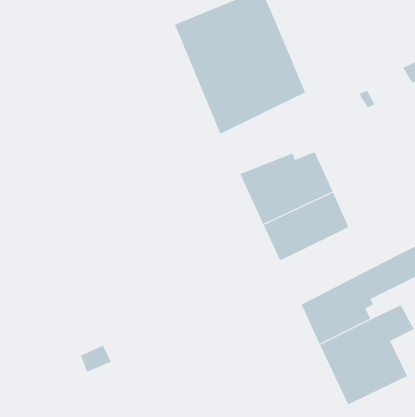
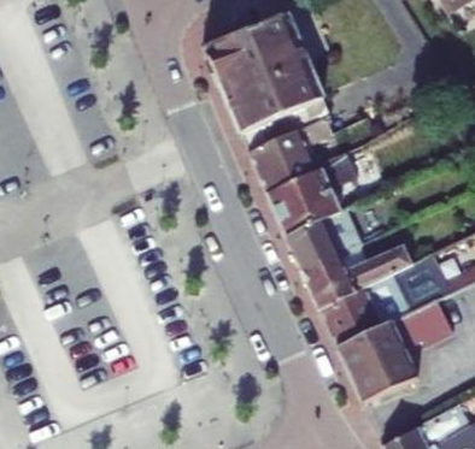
building: none -> [248,113,338,188]
building: none -> [304,242,412,308]

